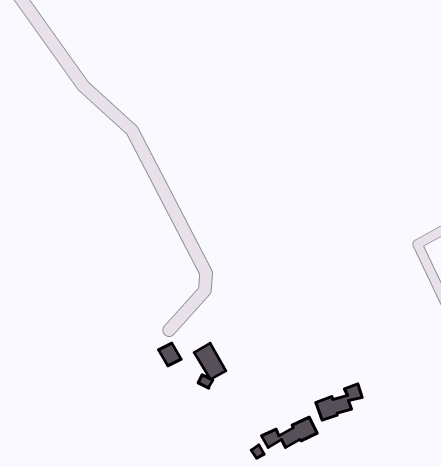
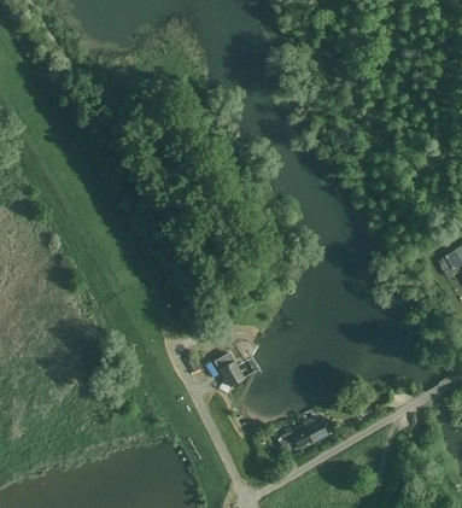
building: [316,384,362,420] -> none

